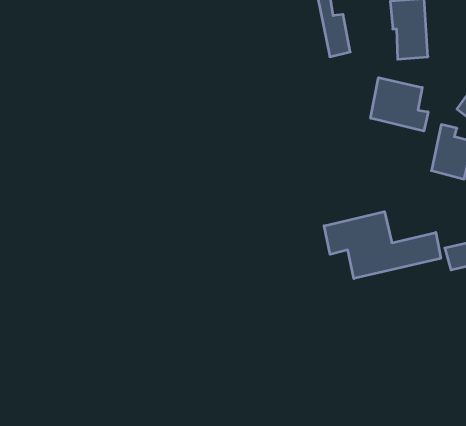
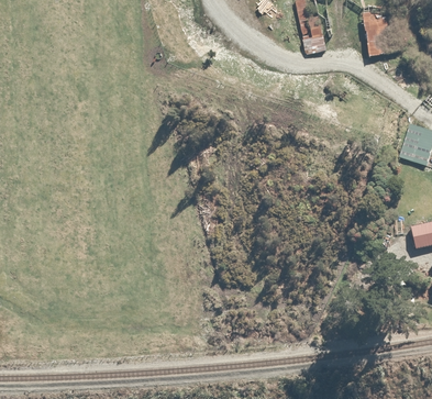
building: [371,78,428,131] -> none
building: [324,212,441,279] -> none

